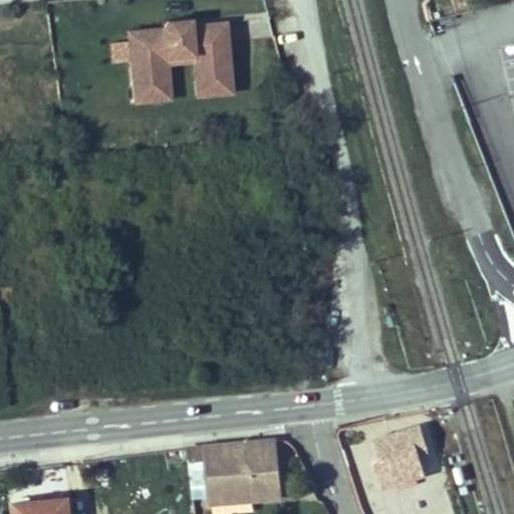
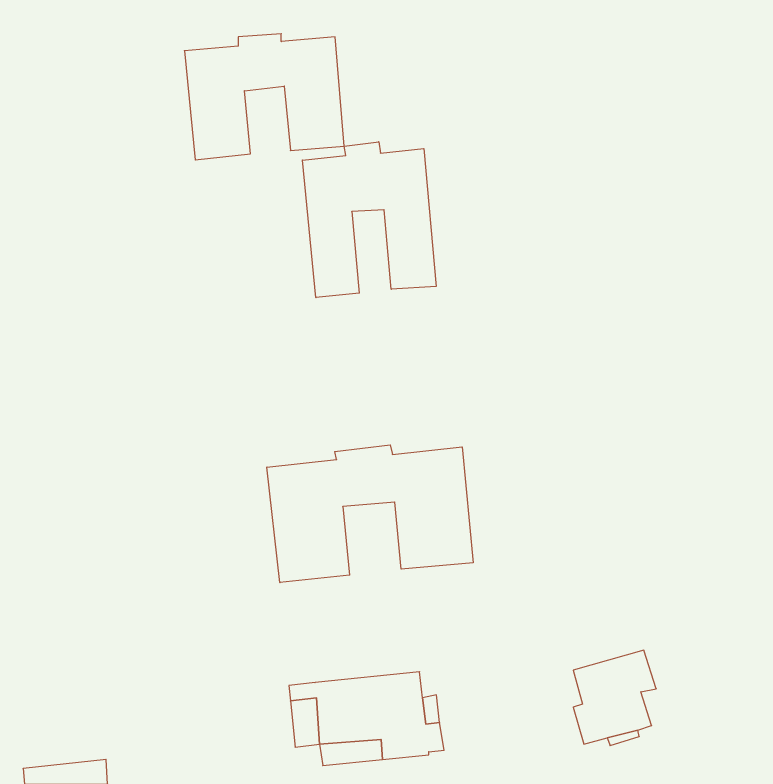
building: none -> [302,142,436,298]
building: none -> [267,445,473,583]

